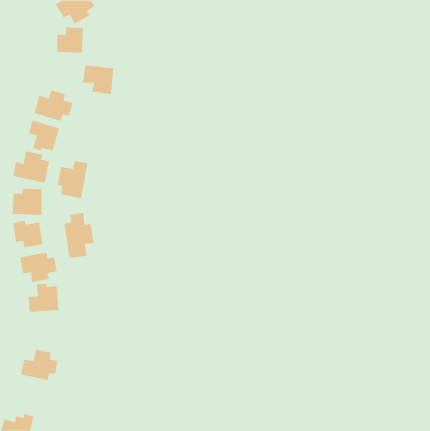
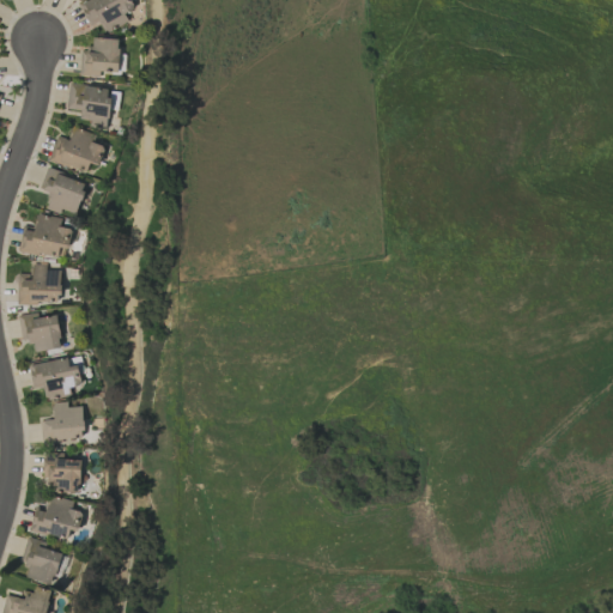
building: [82,65,114,94] -> [67,84,113,126]
building: [57,160,88,199] -> none
building: [64,212,94,259] -> none
building: none -> [44,453,83,493]
building: none -> [23,539,63,584]

